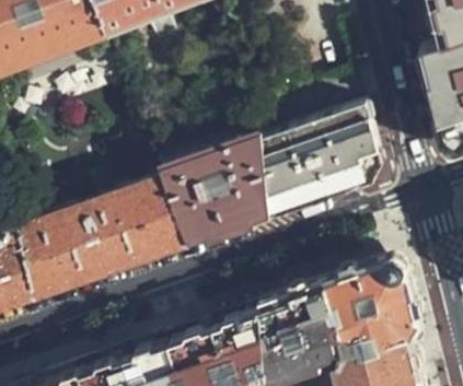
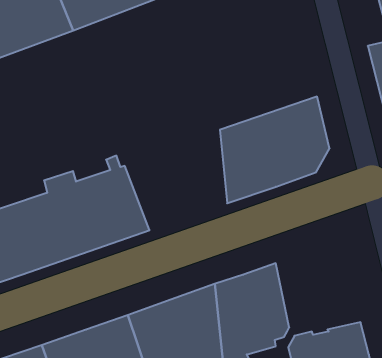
building: [158,137,268,247] -> none
building: [320,260,418,359] -> none

